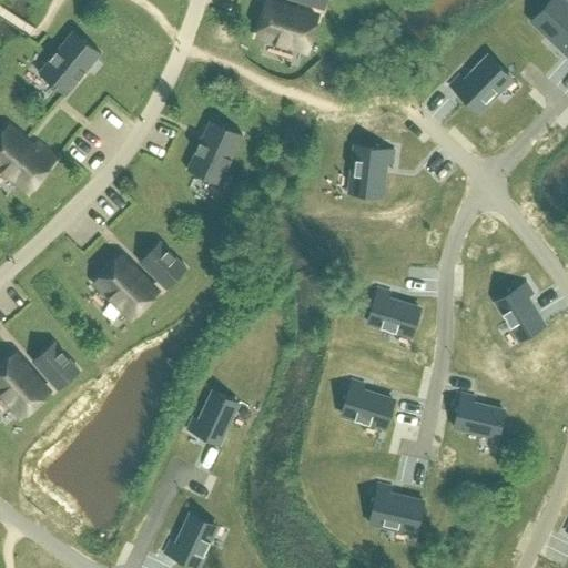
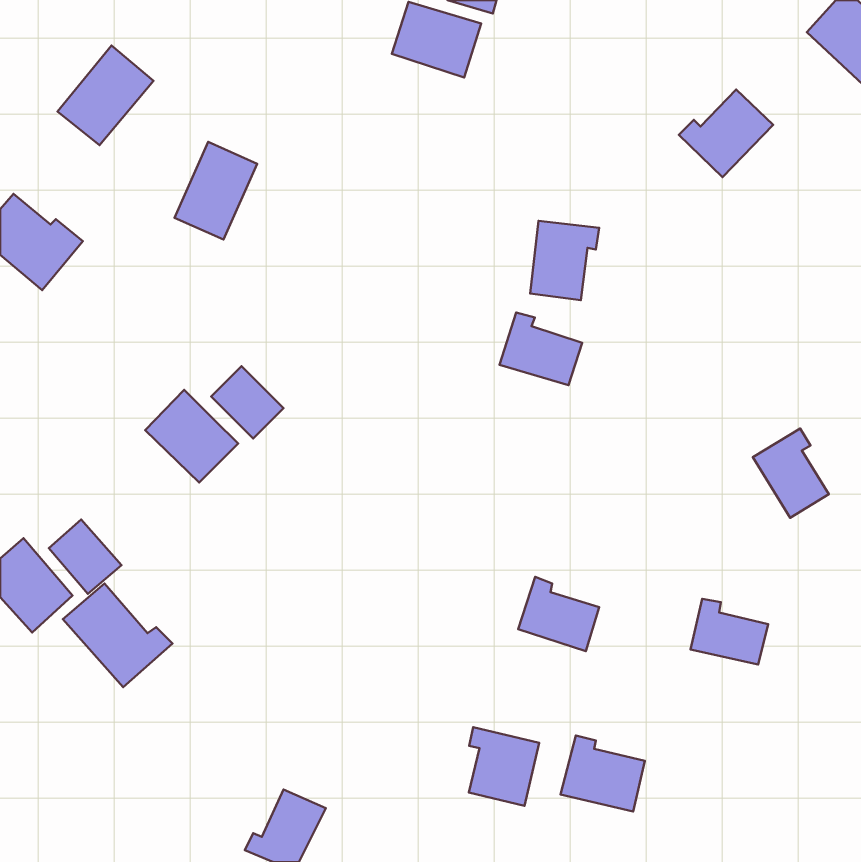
building: [189,120,243,184] -> [174,142,257,240]
building: [367,288,422,336] -> [499,313,582,385]
building: none -> [63,583,173,687]
building: [189,390,240,444] -> none
building: none -> [469,727,539,806]

